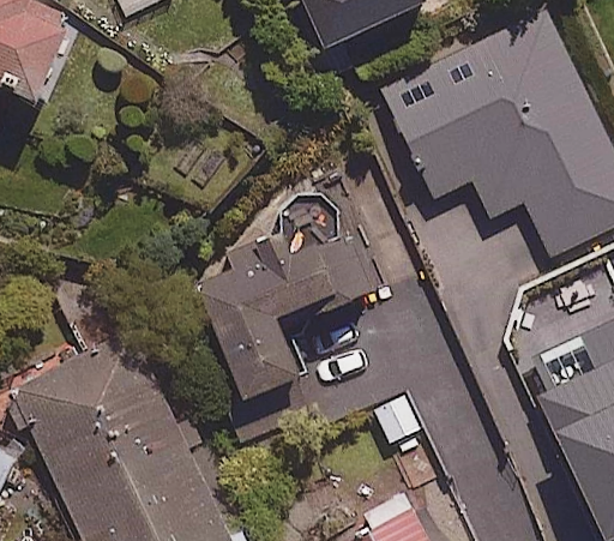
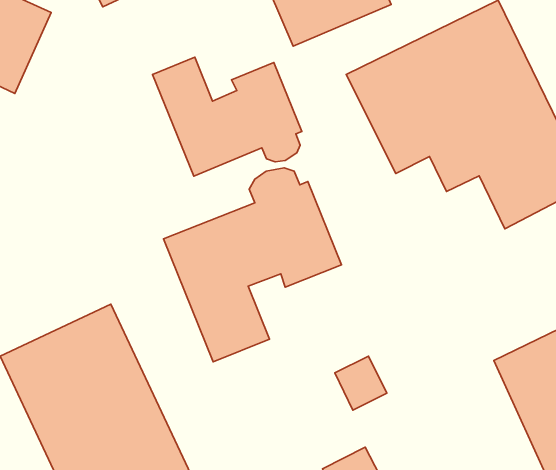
building: none -> [153,57,302,176]

